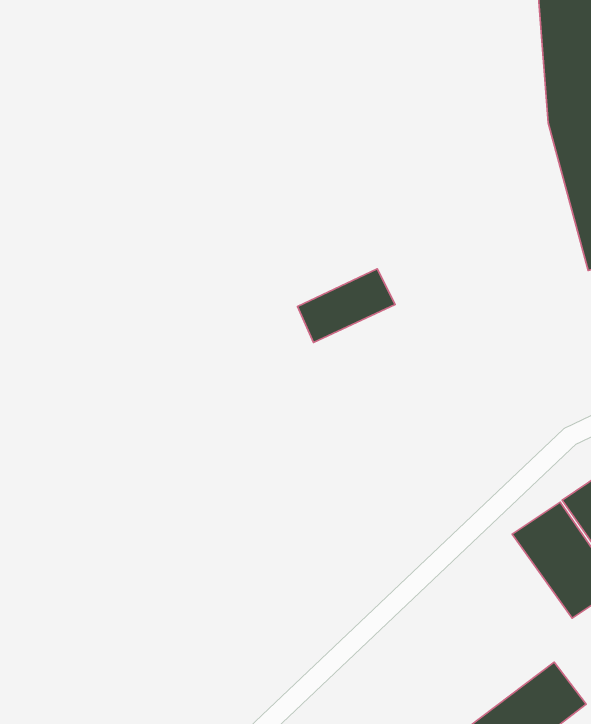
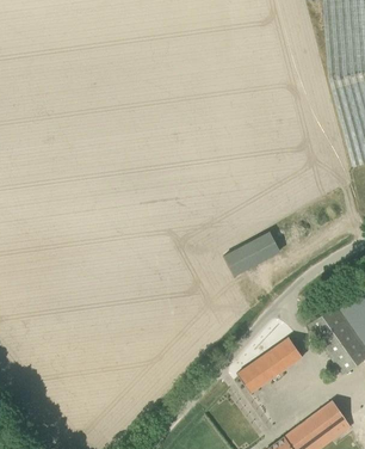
building: [297,269,395,343] -> [227,230,285,275]
building: none -> [236,337,301,393]

